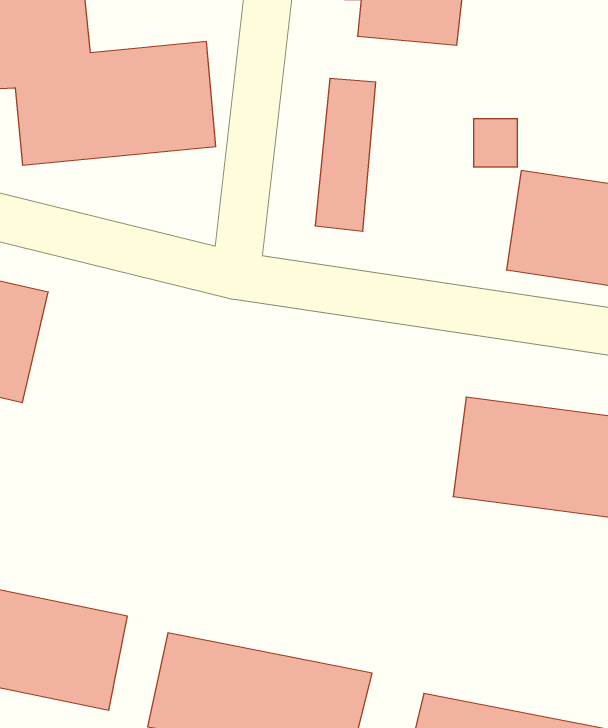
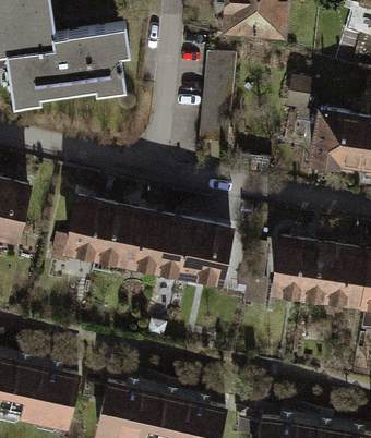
building: none -> [67,196,244,289]

